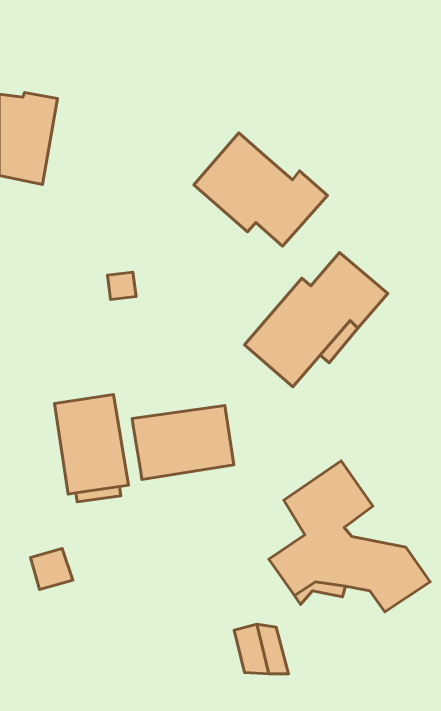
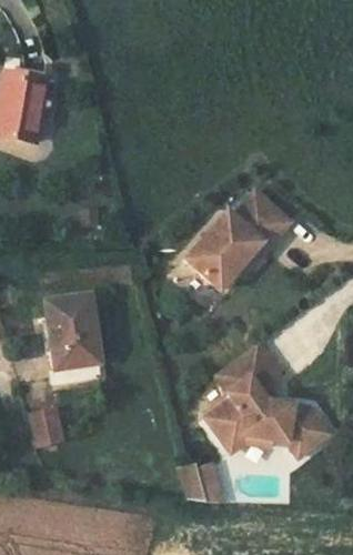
building: [194,133,328,246] -> none
building: [132,405,234,479] -> none

